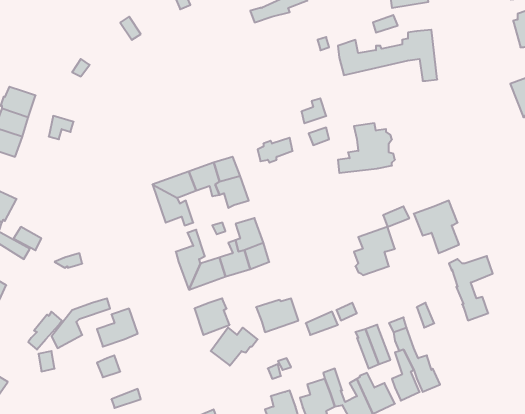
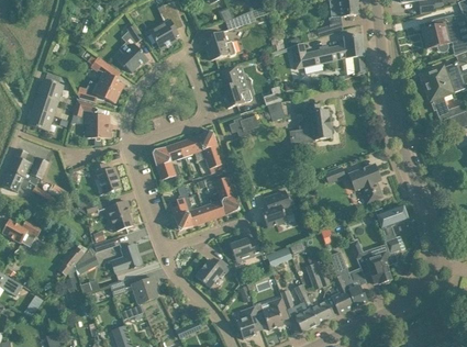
building: none -> [148,20,177,49]
building: none -> [204,31,235,60]
building: none -> [116,44,147,72]
building: none -> [218,67,251,109]
building: none -> [76,72,122,103]
building: none -> [84,115,111,138]
building: none -> [90,163,120,193]
building: [354,227,395,275] -> [259,191,290,227]
building: none -> [104,201,132,232]
building: [194,298,230,335] -> [131,277,157,304]
building: none -> [366,244,391,284]

